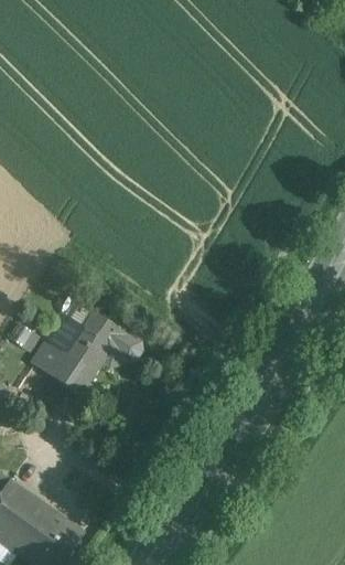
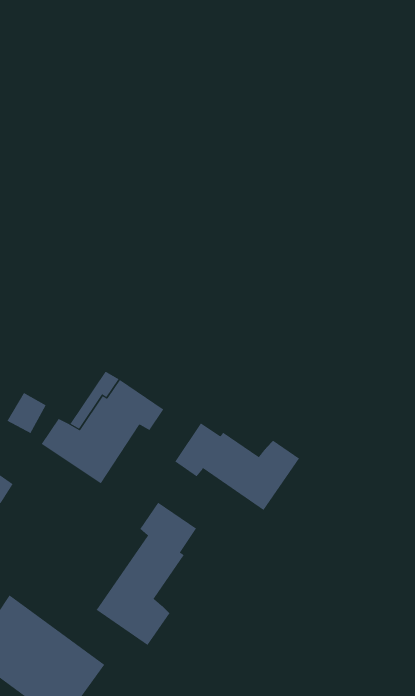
building: none -> [174,422,300,511]
building: none -> [96,502,197,646]

